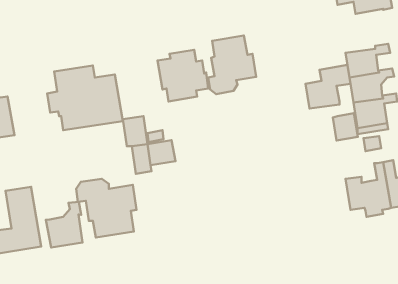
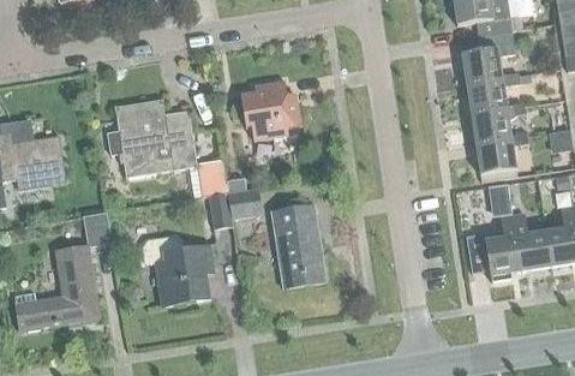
building: [208,35,256,94] -> none
building: [306,65,350,109] -> [461,30,515,83]
building: [333,113,358,141] -> none
building: none -> [272,204,325,287]
building: none -> [82,211,110,246]
building: [46,202,83,247] -> none

